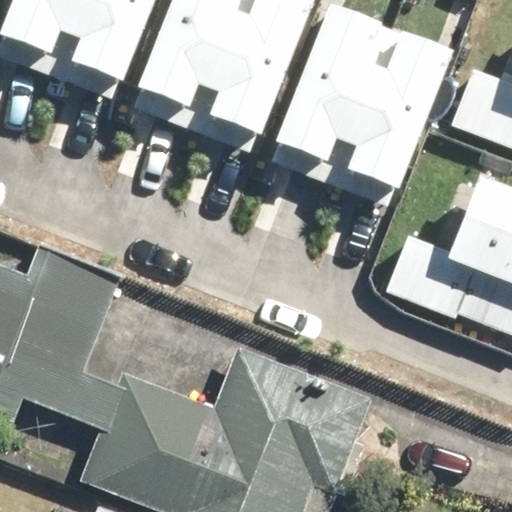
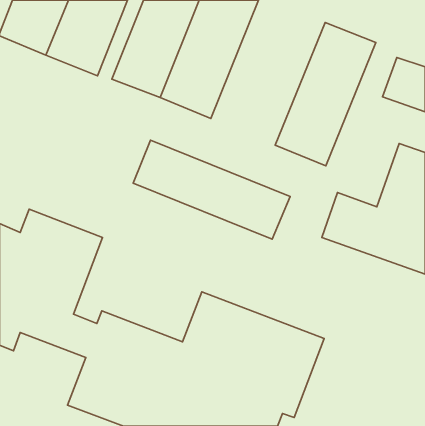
building: [272,4,390,174] -> none
building: none -> [133,140,290,239]

